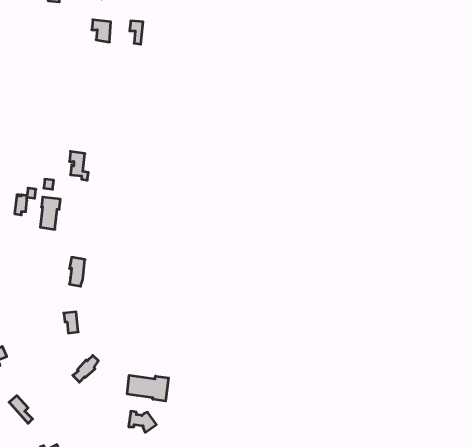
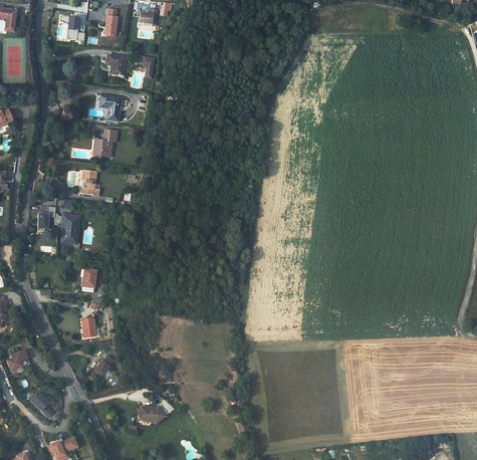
building: none -> [97,93,121,120]
building: none -> [92,129,114,156]
building: [127,375,169,401] -> none

